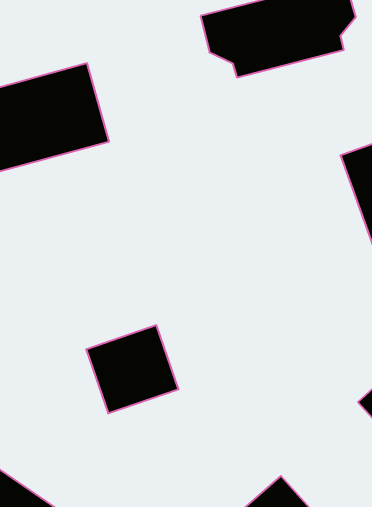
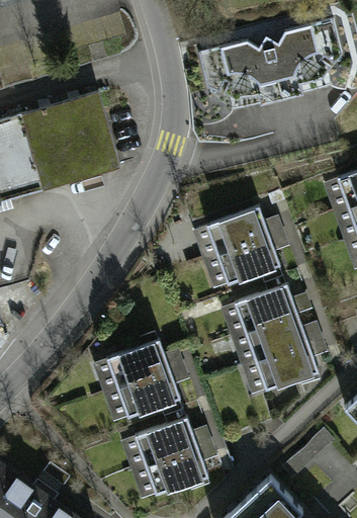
building: none -> [197,208,279,288]
building: none -> [225,284,318,394]
building: none -> [127,416,206,496]

